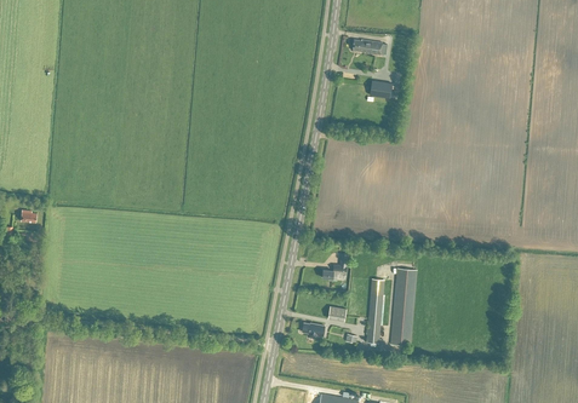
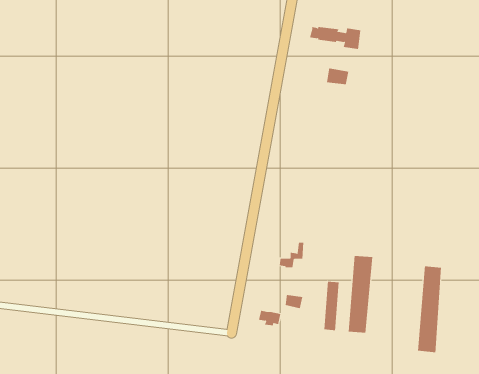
building: none -> [418,265,442,353]

